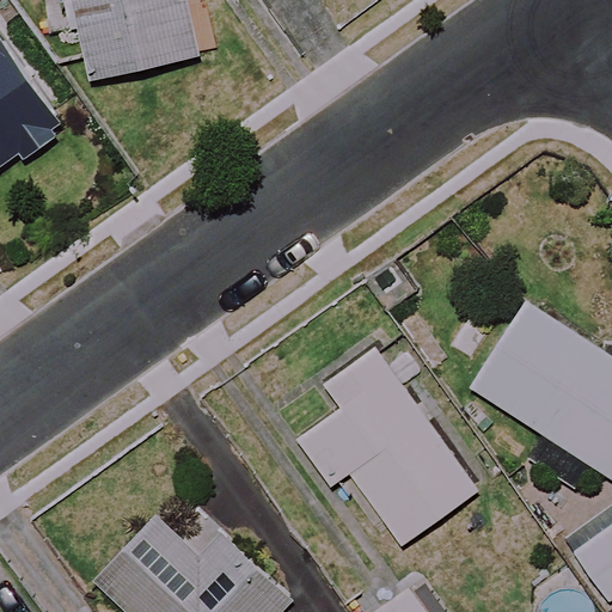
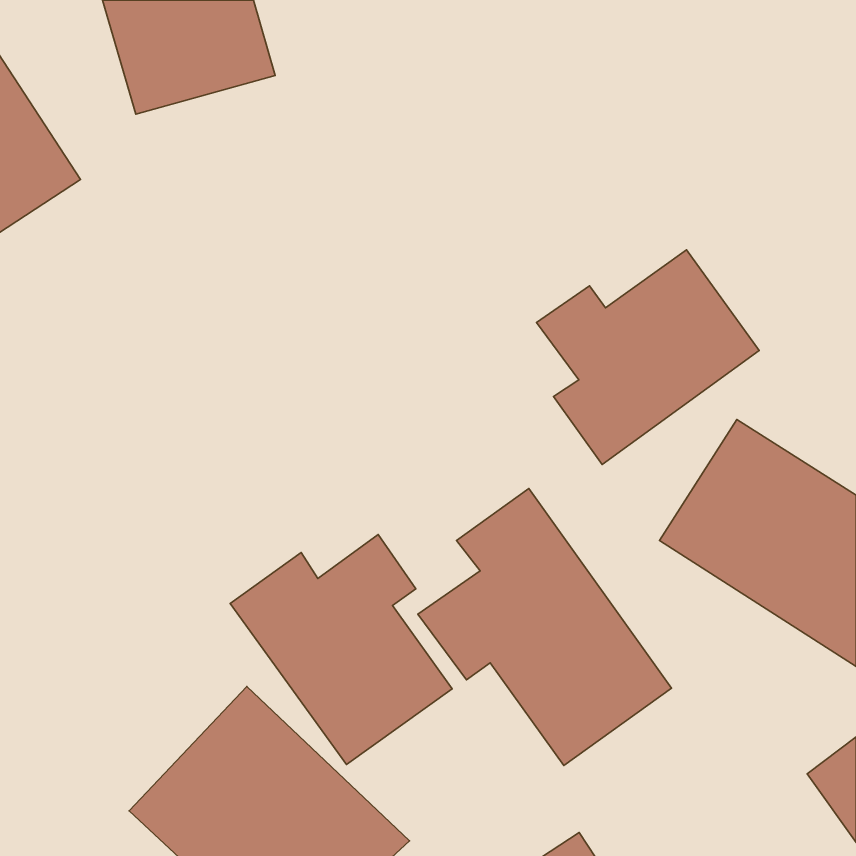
building: none -> [537,250,759,464]
building: none -> [230,535,452,765]

